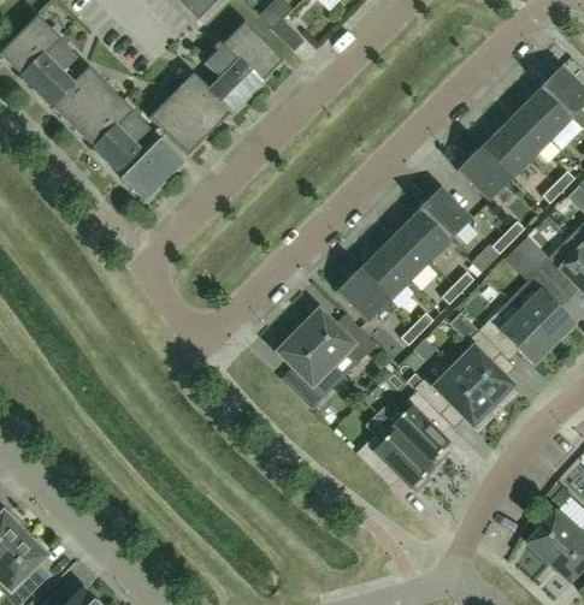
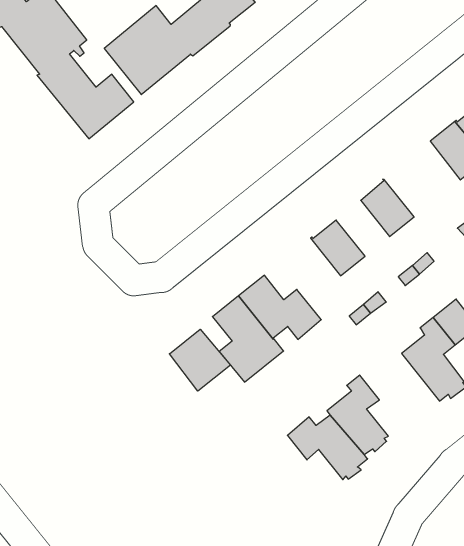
building: [419,186,472,239] -> none
building: [379,230,430,280] -> none
building: [337,269,389,321] -> none
building: none -> [169,329,230,391]
building: [414,366,492,427] -> none

